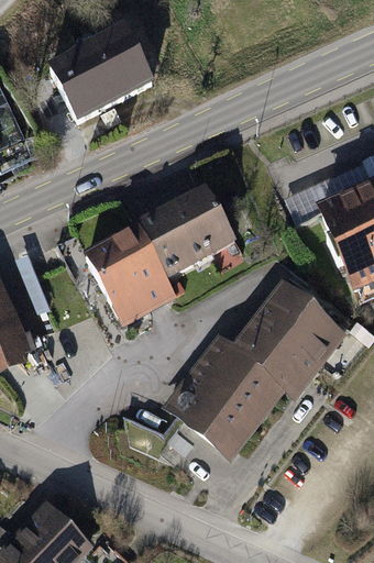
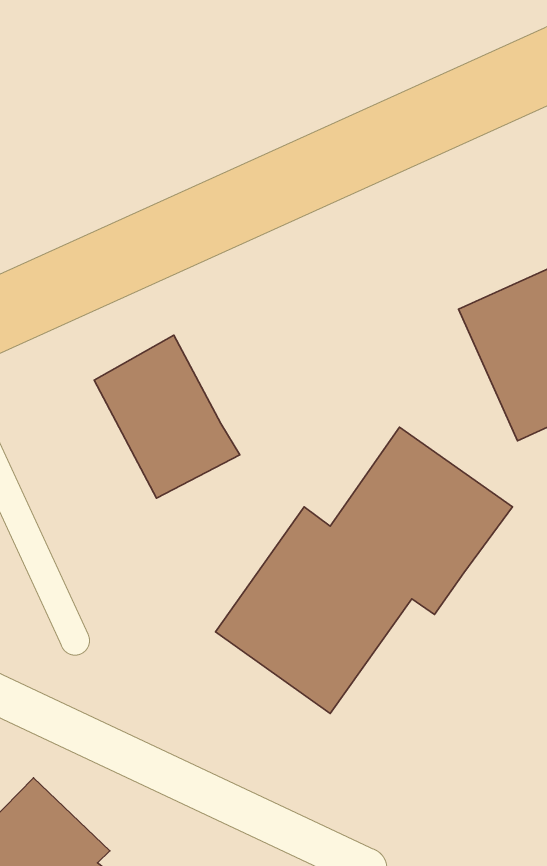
building: [45,18,154,121] -> none
building: [136,183,235,276] -> none

